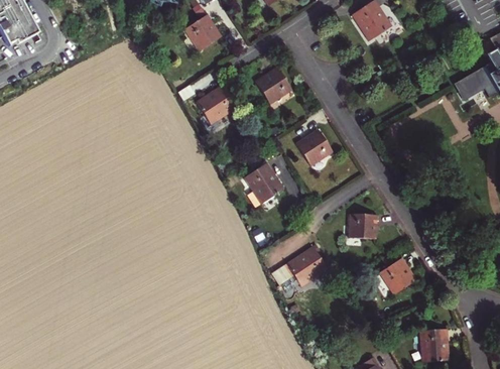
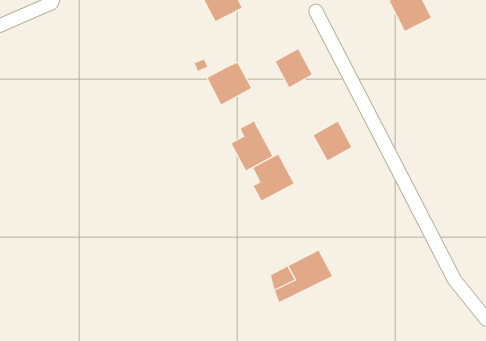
building: none -> [231,121,273,171]
building: [351,213,377,237] -> none
building: [380,257,415,292] -> none

